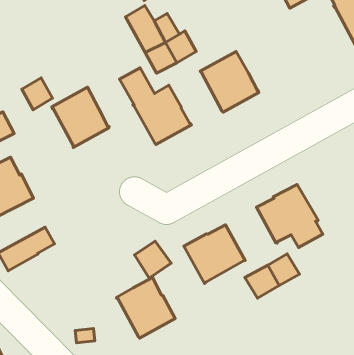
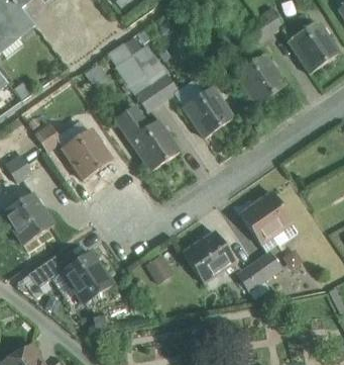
building: none -> [235,54,285,105]
building: [117,277,175,338] -> [62,251,112,302]

